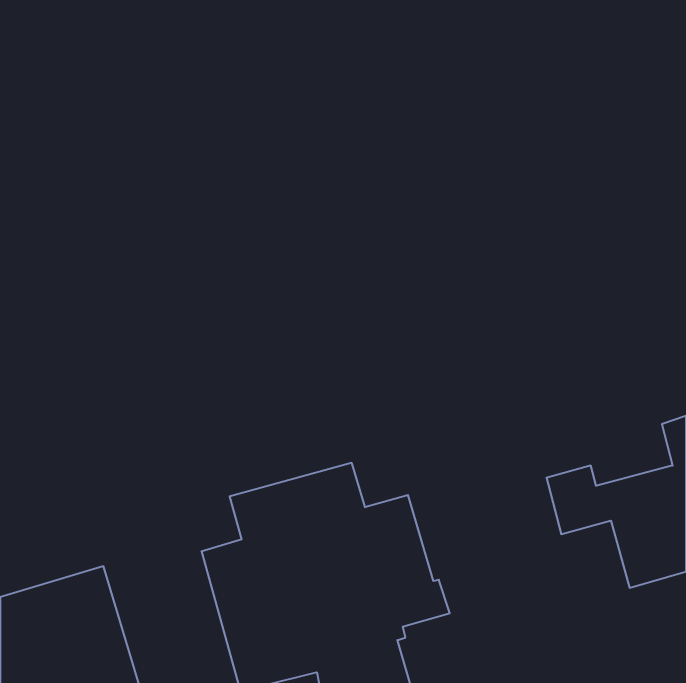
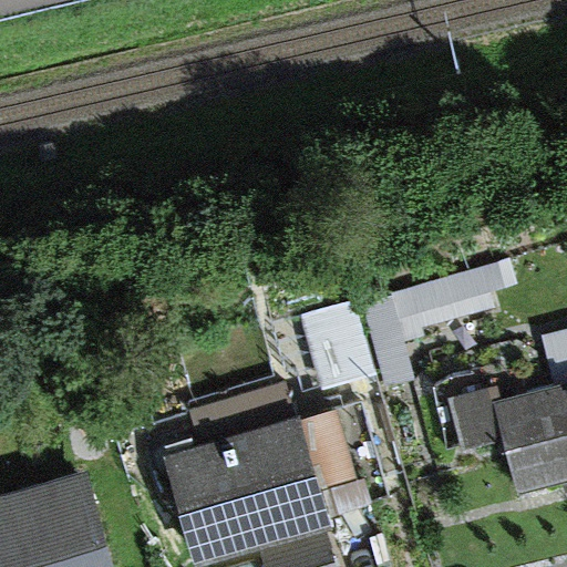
building: none -> [365,265,512,385]
building: none -> [301,302,379,391]

